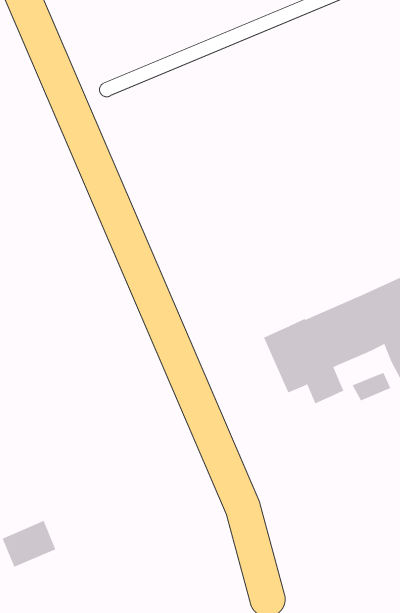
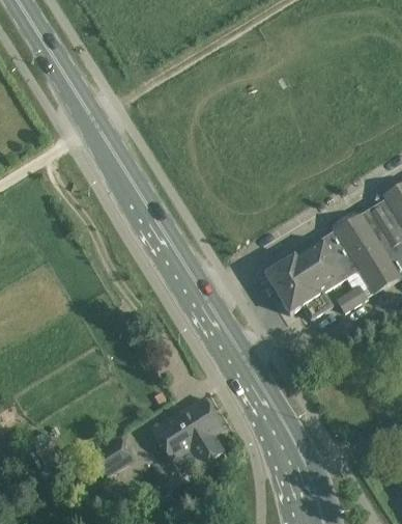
building: none -> [154,397,225,464]

